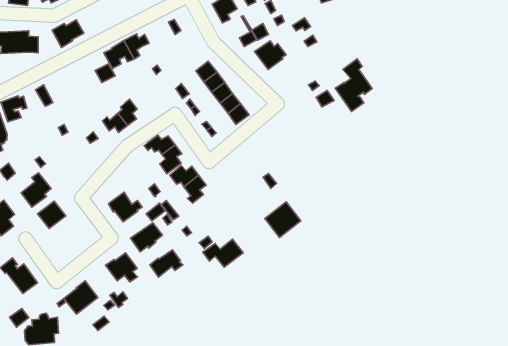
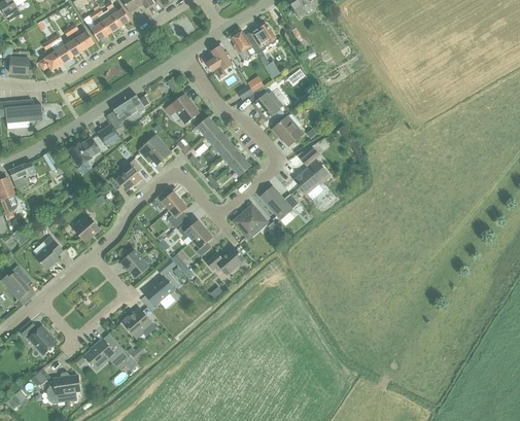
building: [52,20,84,48] -> [68,137,99,165]
building: none -> [164,93,199,122]
building: [335,59,372,112] -> [293,147,330,199]
building: none -> [272,112,303,145]
building: none -> [138,136,169,163]
building: none -> [259,184,298,219]
building: [37,201,66,228] -> [72,214,100,241]
building: [265,202,301,238] -> [232,203,267,238]
building: [203,239,243,267] -> [205,246,244,274]
building: [150,250,183,277] -> none

